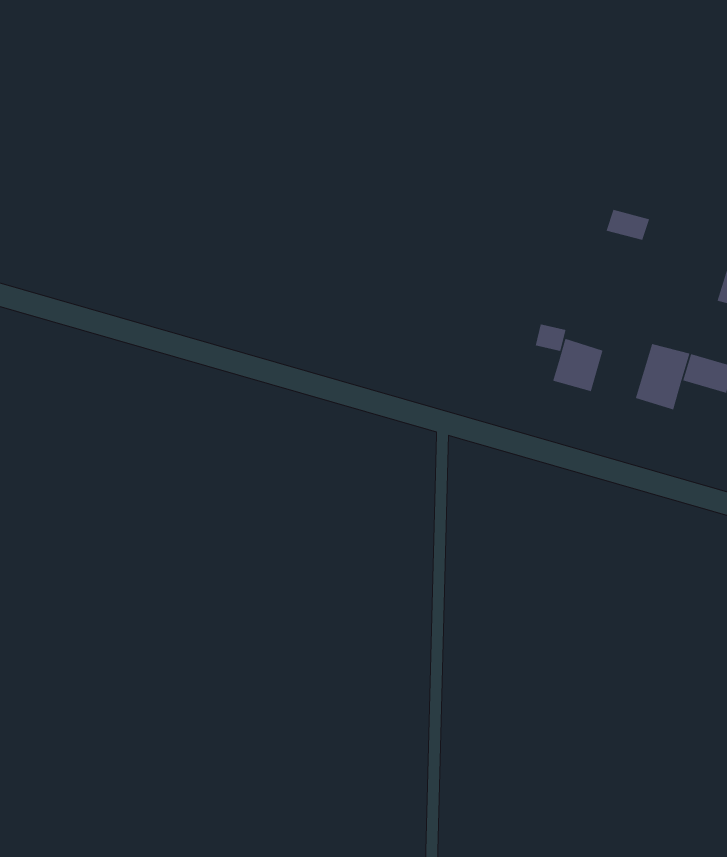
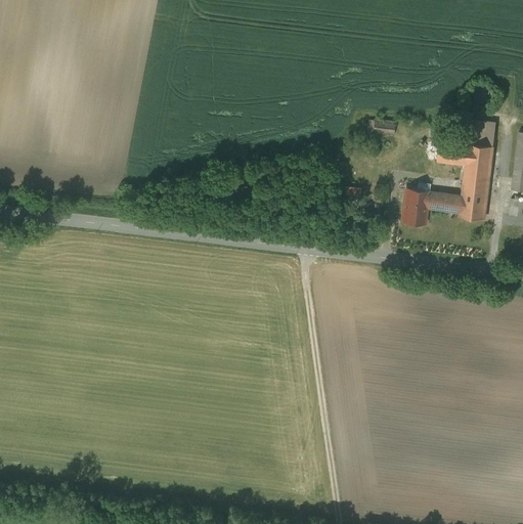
building: [552,338,604,392] -> none

